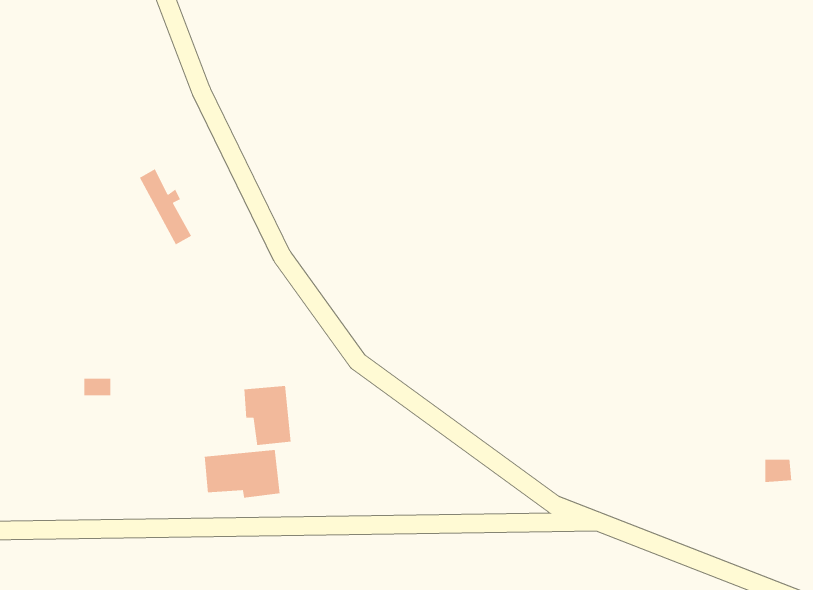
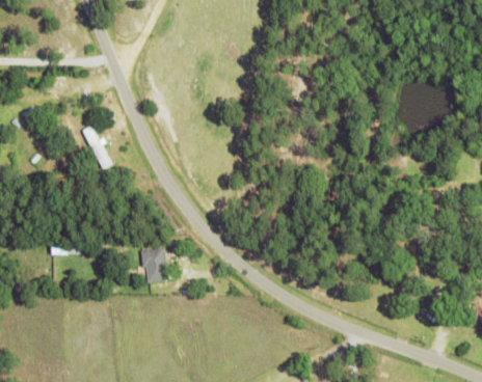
building: [204,449,280,498] -> none

